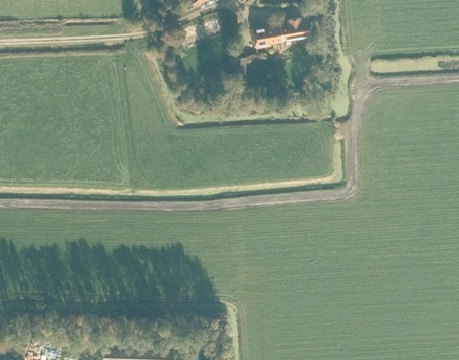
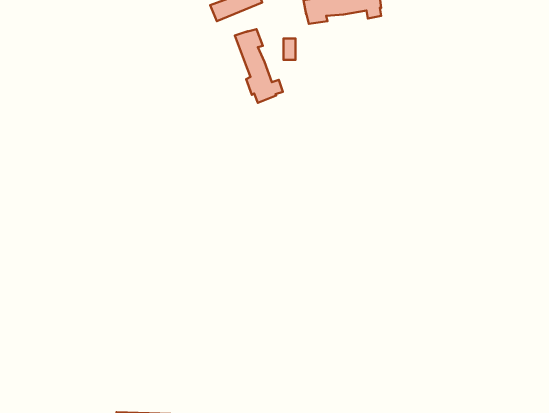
building: none -> [235,29,283,103]

